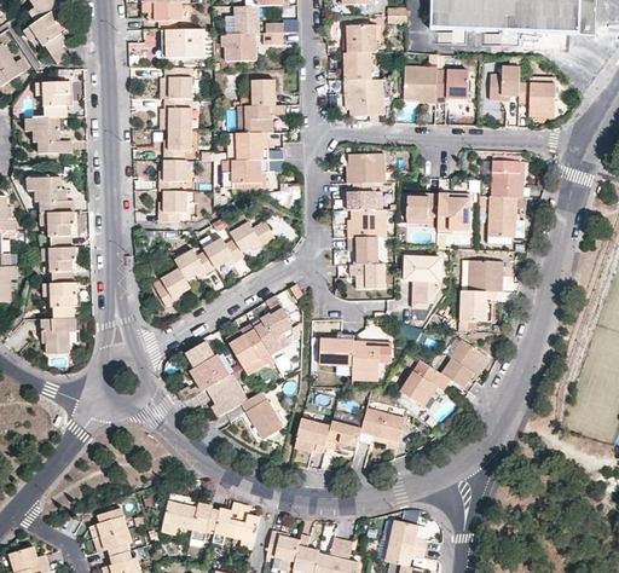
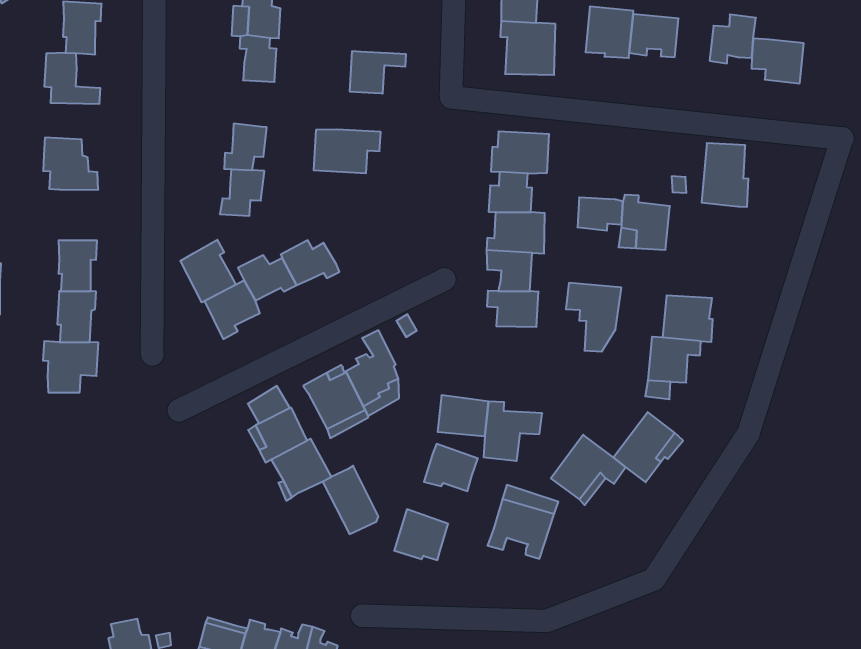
building: [250,80,273,105] -> none
building: [166,129,192,161] -> none
building: [237,133,267,160] -> none
building: [487,196,516,236] -> none
building: [48,210,75,247] -> none
building: [228,221,272,253] -> none
building: none -> [180,240,236,302]
building: [324,419,360,451] -> [424,444,478,491]

